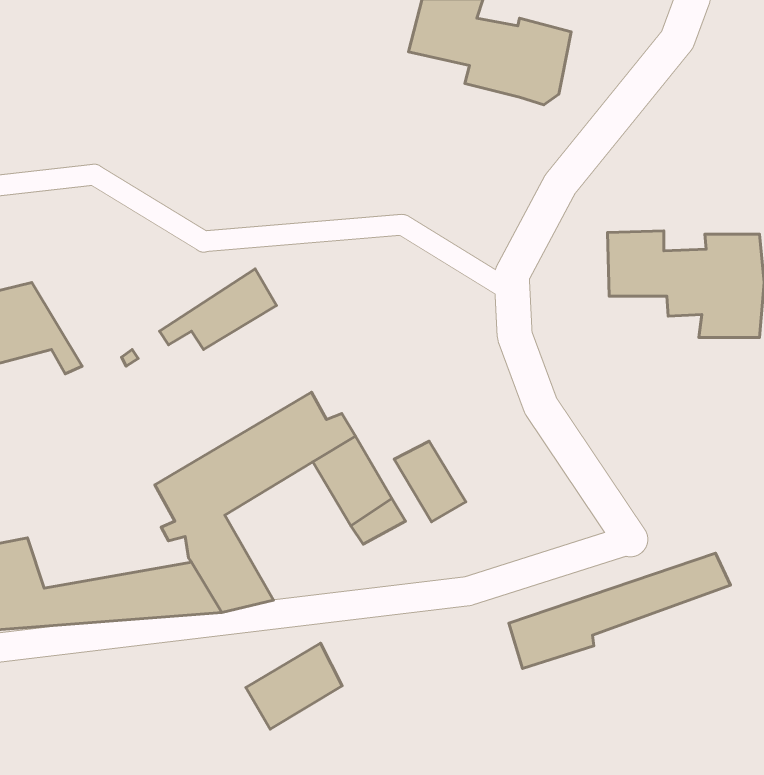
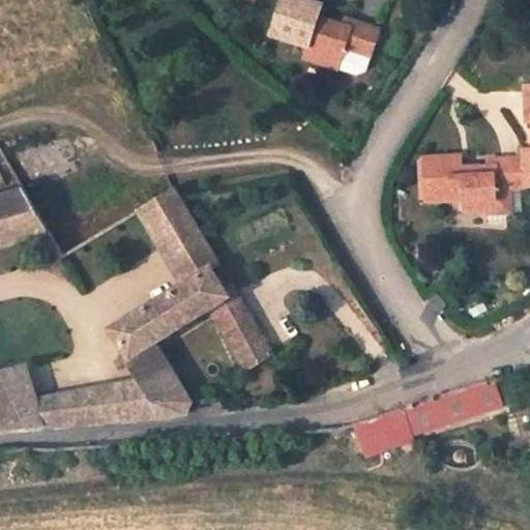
building: none -> [148,208,220,286]
building: [394,441,466,522] -> none
building: [246,643,342,729] -> none

